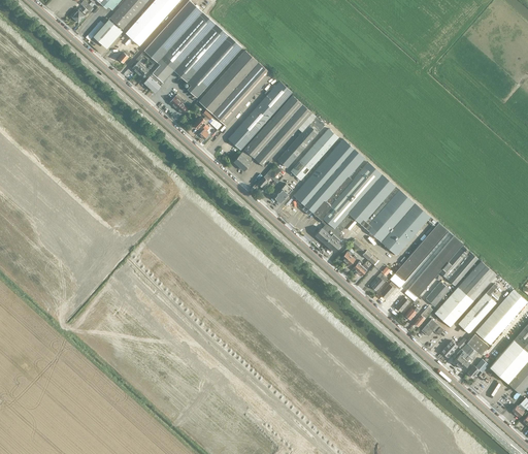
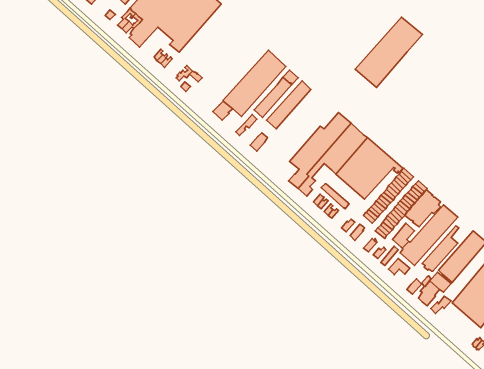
building: [198,50,271,125] -> none
building: [227,80,291,150] -> none
building: [292,139,364,215] -> [355,17,423,87]

